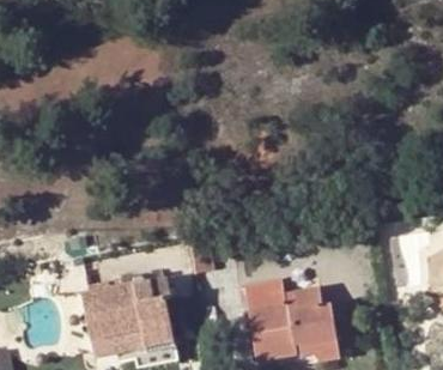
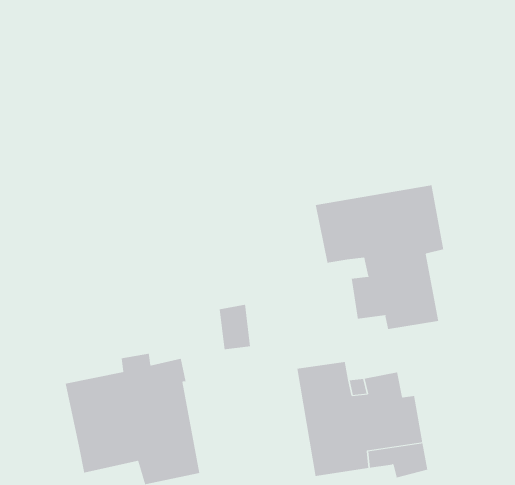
building: none -> [315,184,444,330]

